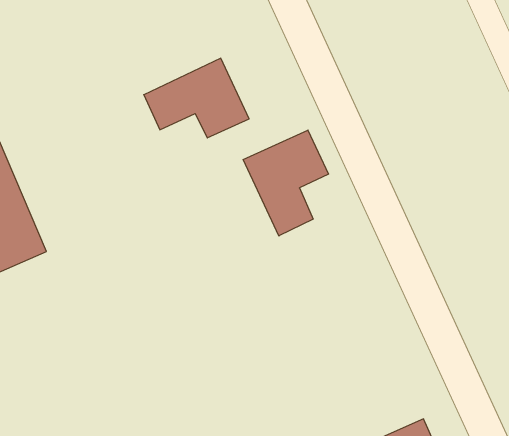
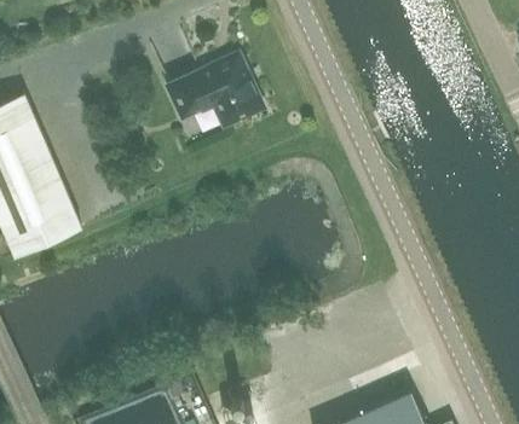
building: [243,130,329,236] -> none

